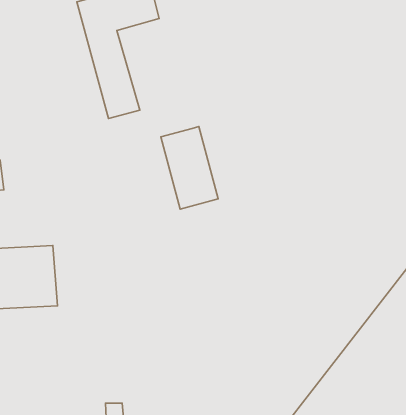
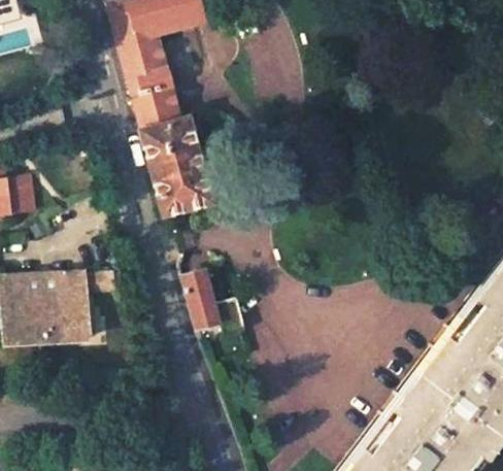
building: [161,127,218,209] -> [145,123,209,214]
building: none -> [186,276,222,331]

